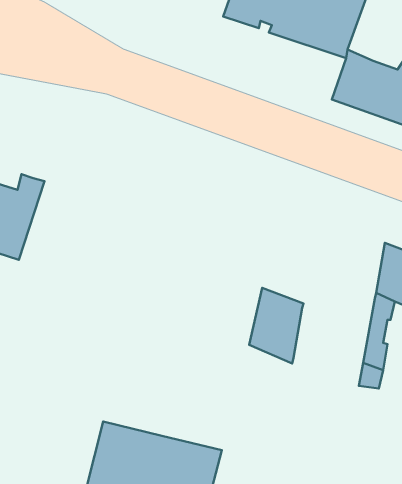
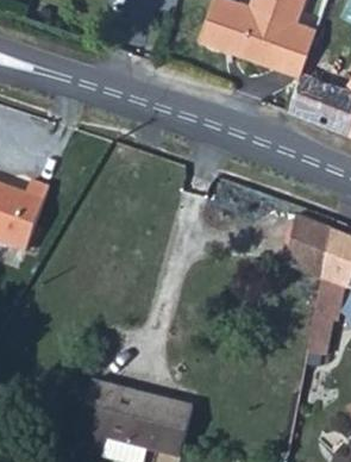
building: [249,288,304,364] -> [287,214,332,277]

